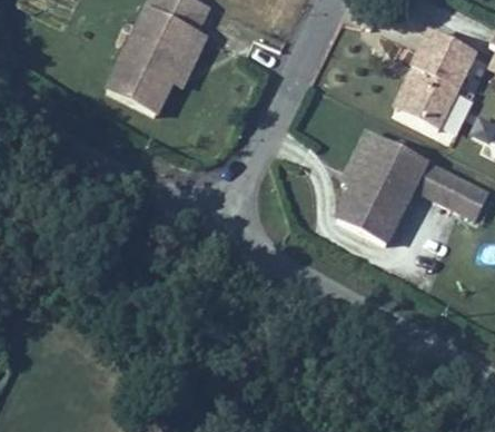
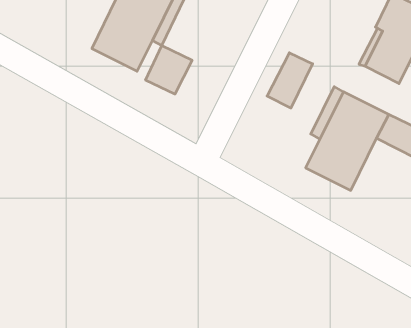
building: none -> [146,46,192,94]
building: none -> [267,53,313,108]

